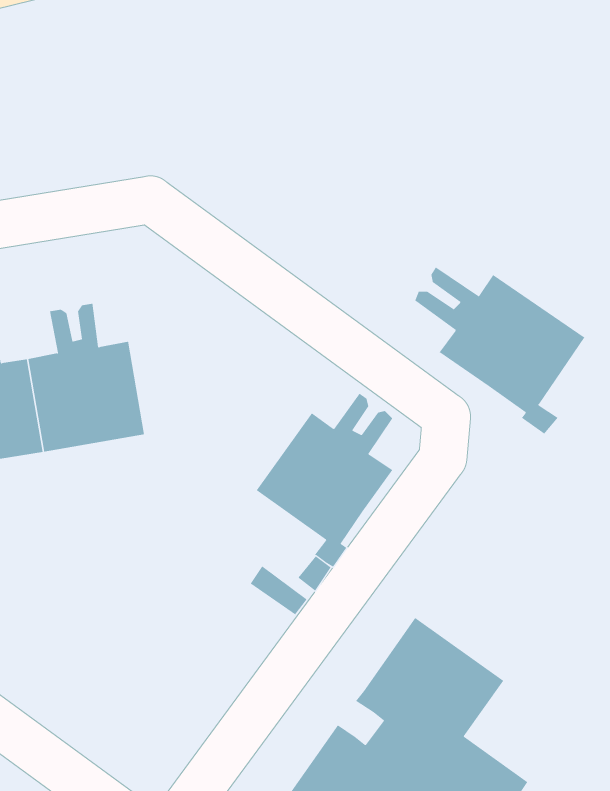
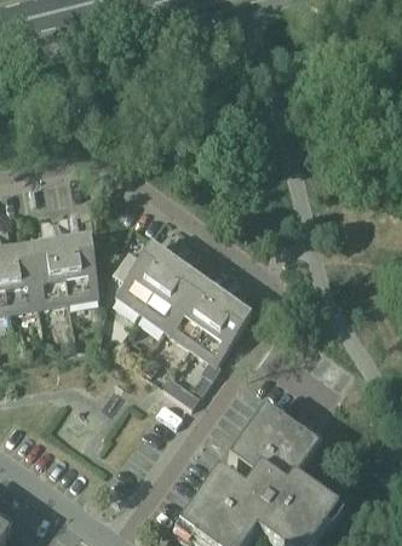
building: [414,266,585,435] -> none
building: none -> [116,231,201,326]

